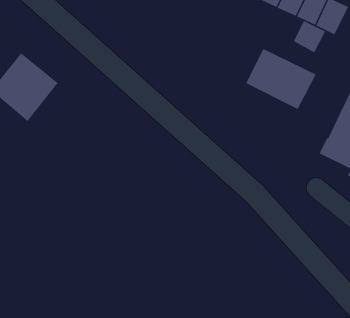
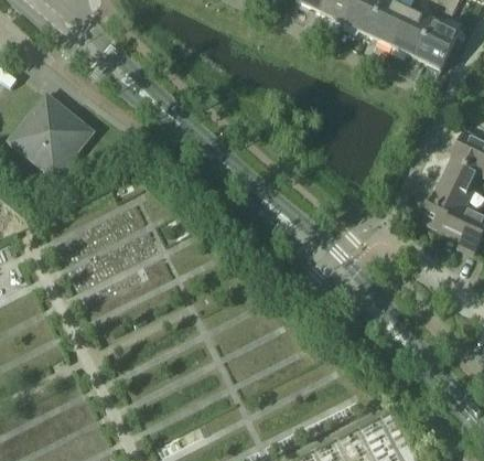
building: [293,20,326,53] -> none
building: [246,48,316,110] -> none

